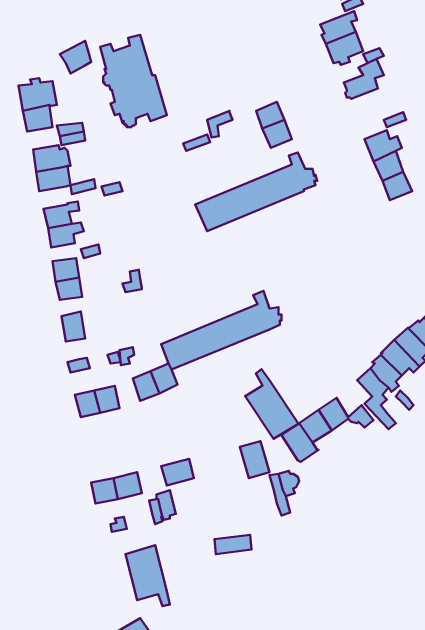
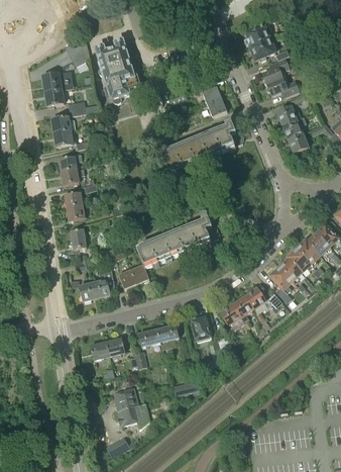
building: none -> [266,76,299,95]
building: [245,369,298,439] -> none
building: none -> [157,322,180,348]

